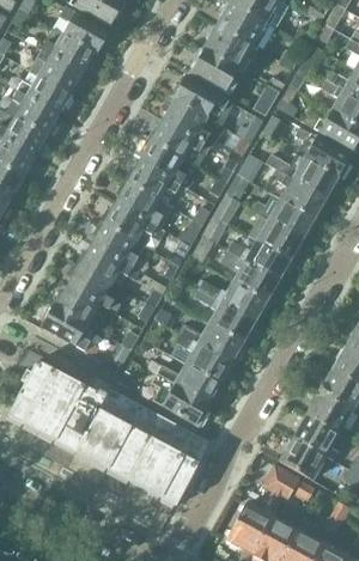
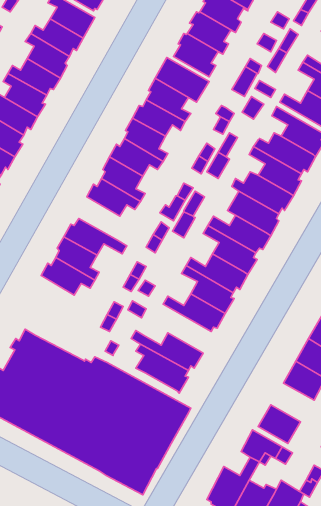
building: [92,220,138,266] -> none
building: [41,303,99,358] -> none
building: [170,333,231,384] -> none
building: [293,415,339,456] -> none

